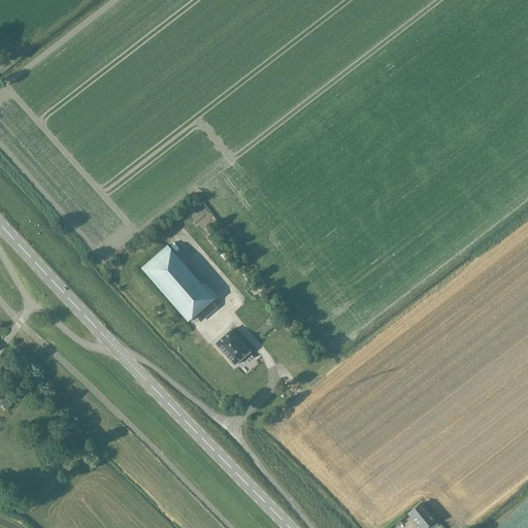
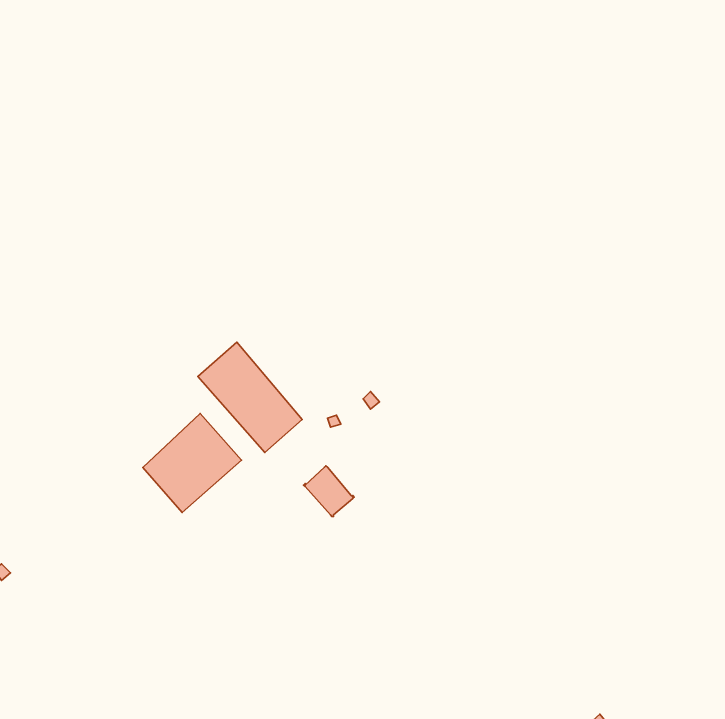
building: none -> [143,413,241,512]

